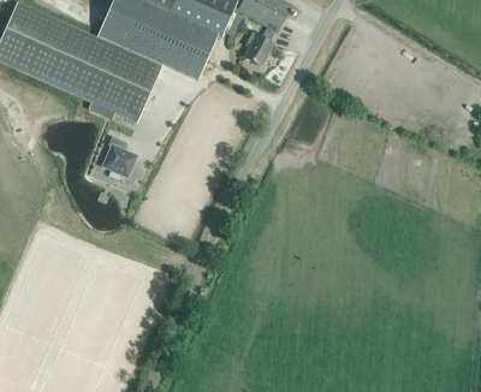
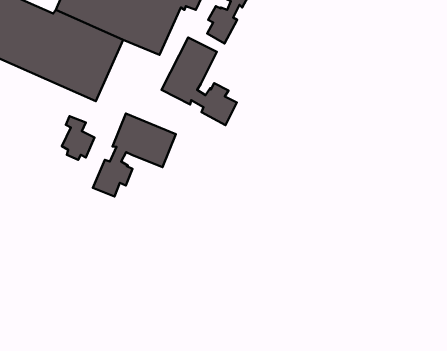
building: none -> [161,37,237,125]
building: none -> [93,114,176,196]

